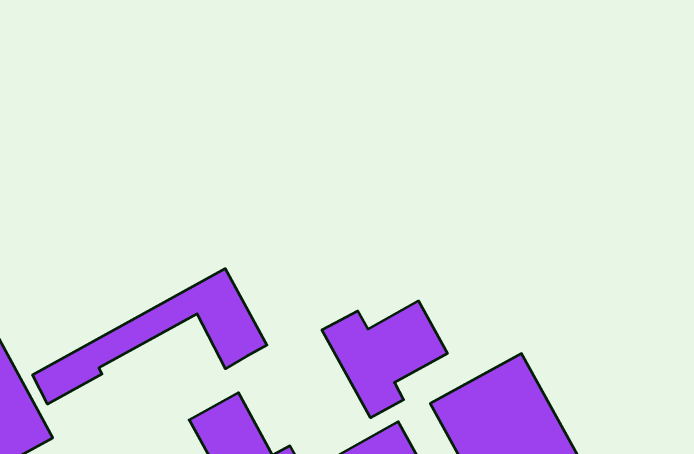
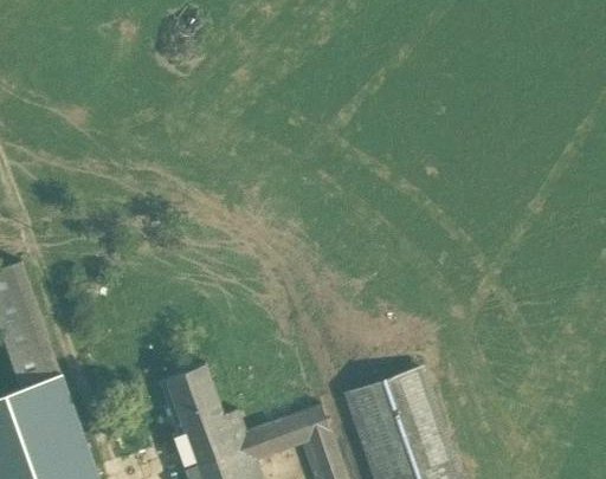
building: [33,269,267,404] -> none
building: [322,301,447,418] -> none

